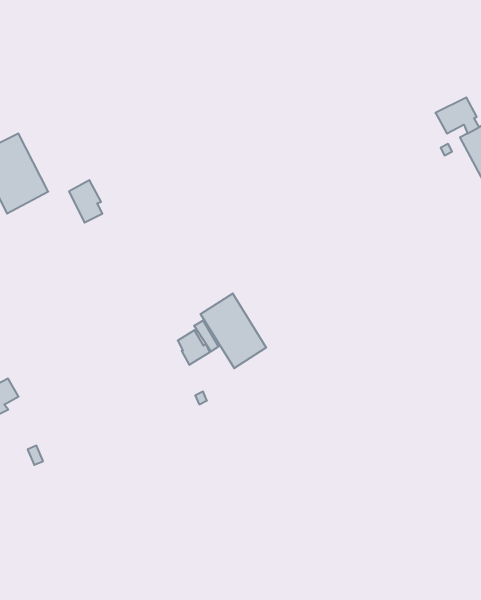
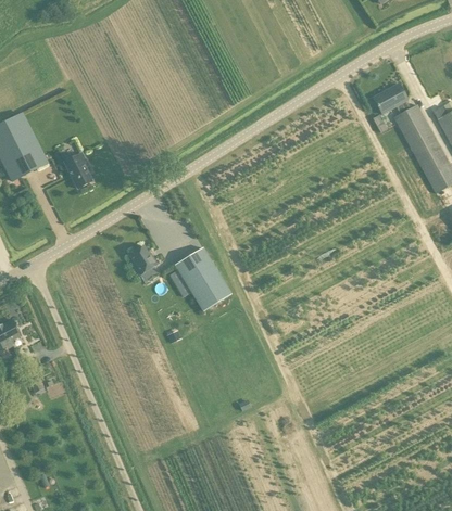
building: [178,330,210,365] -> [129,245,156,274]

